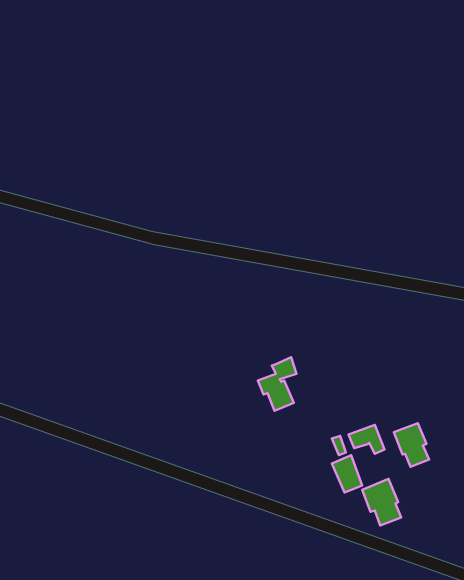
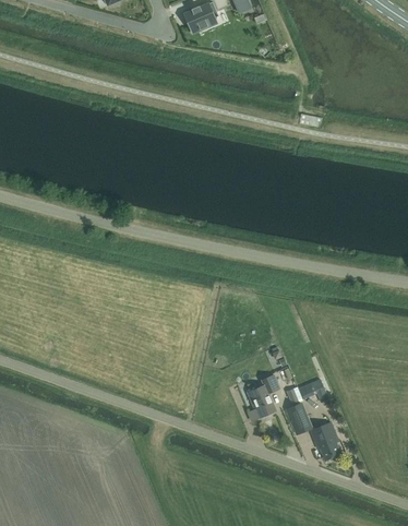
building: [258,357,297,411] -> [248,373,278,416]
building: [394,423,429,467] -> none

